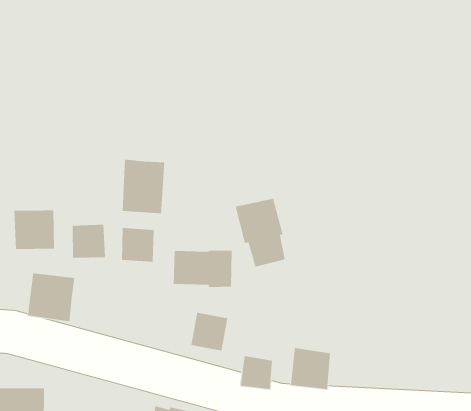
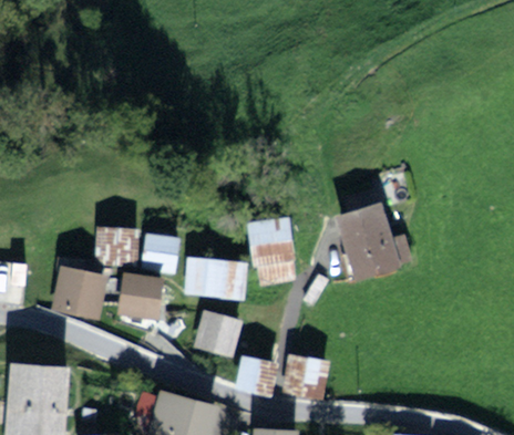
building: [122,159,165,214] -> none
building: none -> [339,206,407,272]
building: [14,210,54,250] -> none
building: none -> [120,275,160,312]

